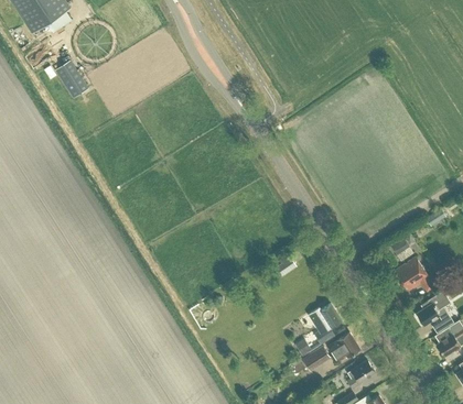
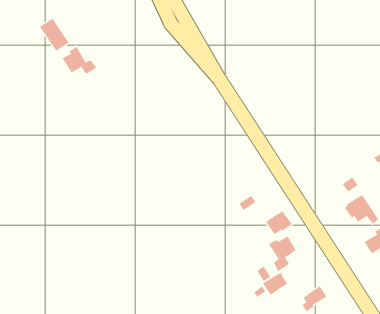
building: none -> [62,46,97,74]
building: [329,332,359,360] -> [265,210,293,235]

